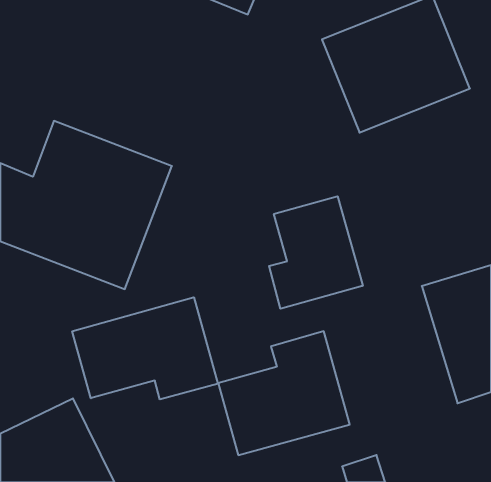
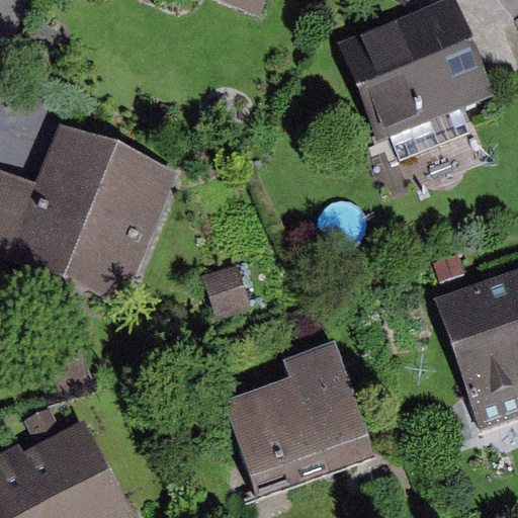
building: [269,196,363,309] -> none
building: [72,297,218,399] -> none

